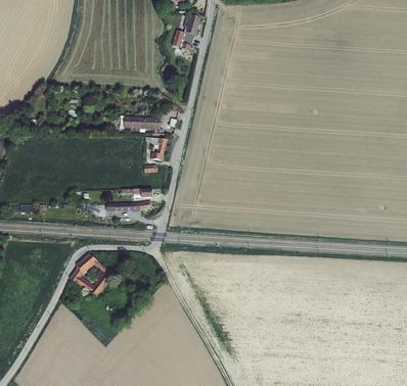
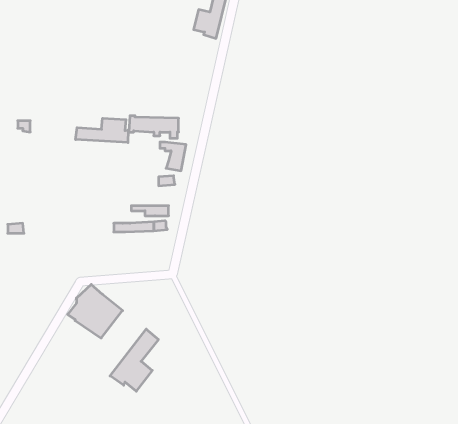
building: none -> [76,118,128,143]
building: none -> [110,329,158,391]

